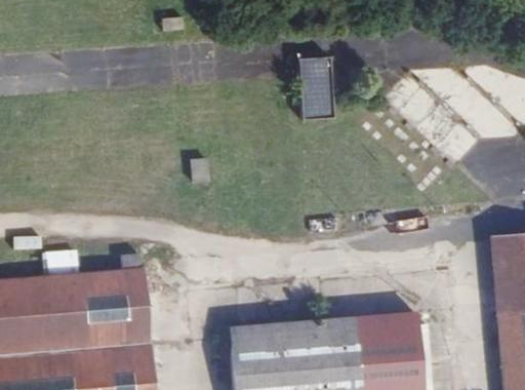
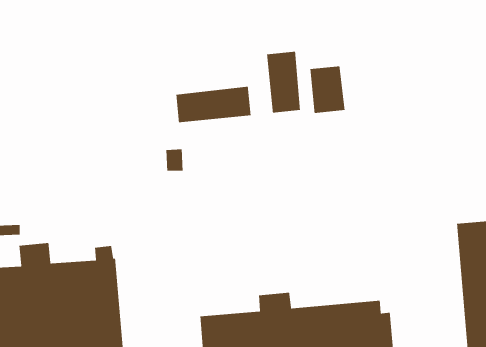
building: none -> [309,65,346,114]
building: none -> [175,86,251,123]

